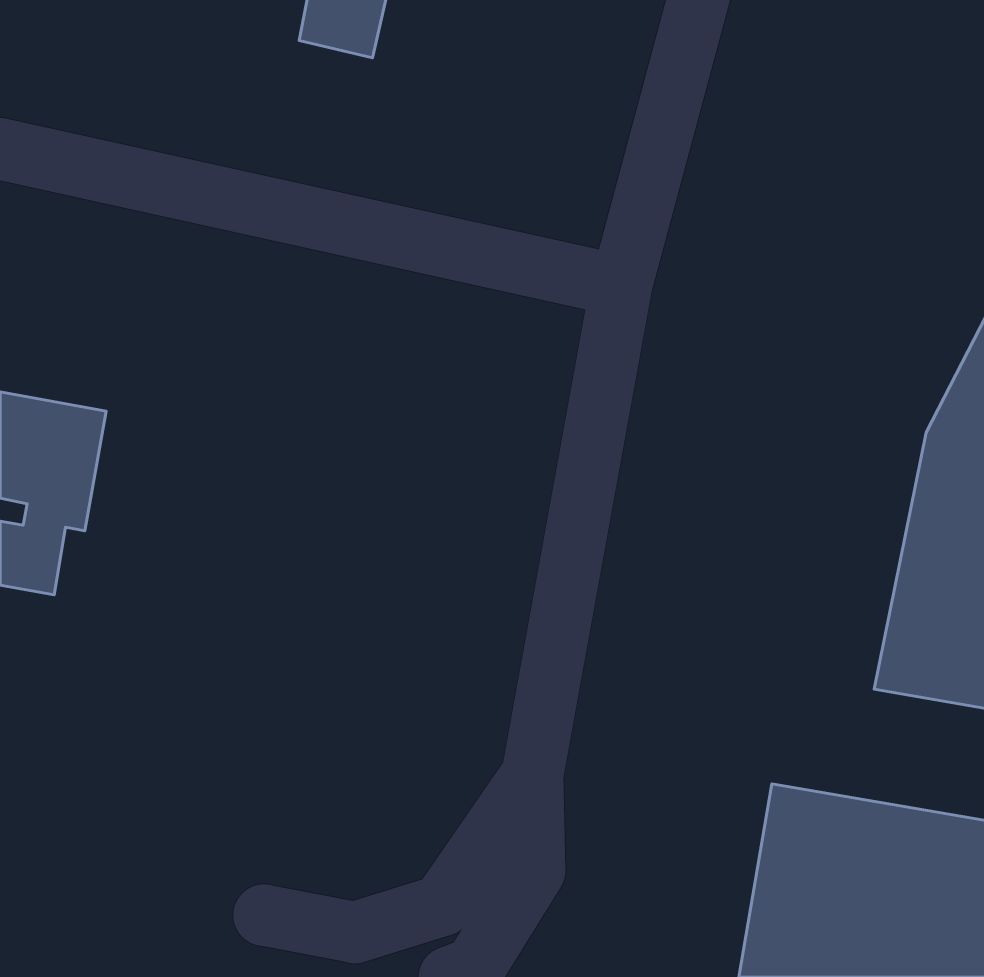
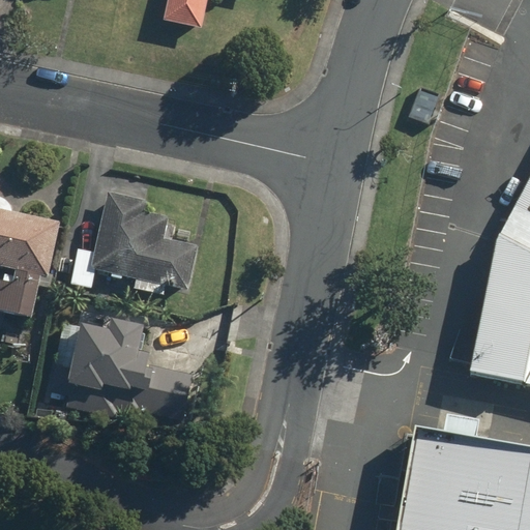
building: none -> [91,192,196,297]
building: none -> [46,323,194,420]

